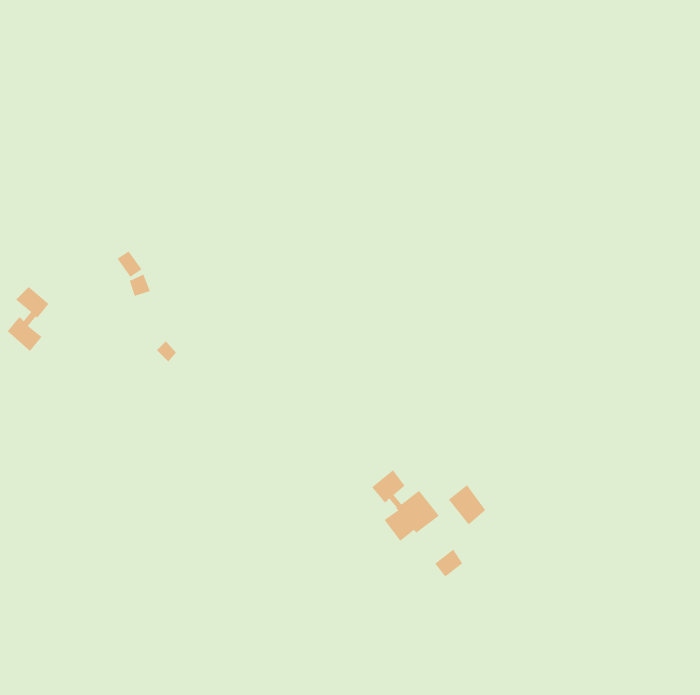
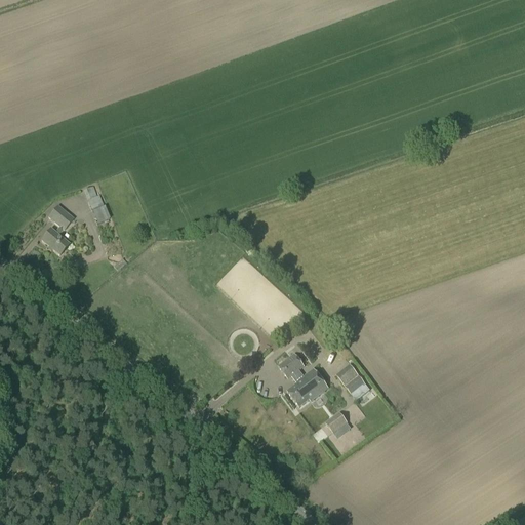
building: [7,286,49,352] -> [42,205,74,254]

